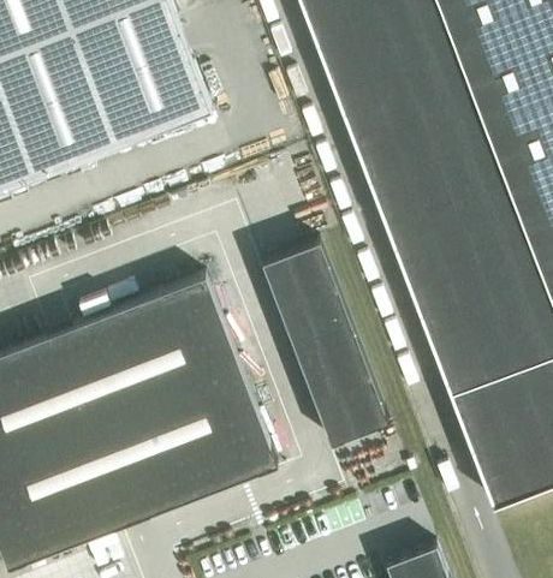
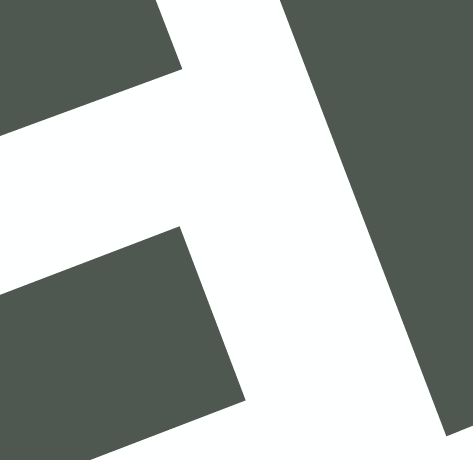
building: [263,242,380,446] -> none

